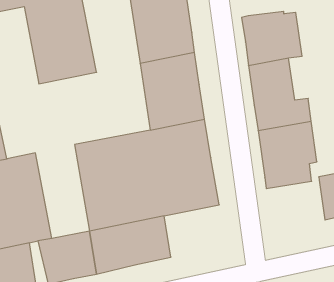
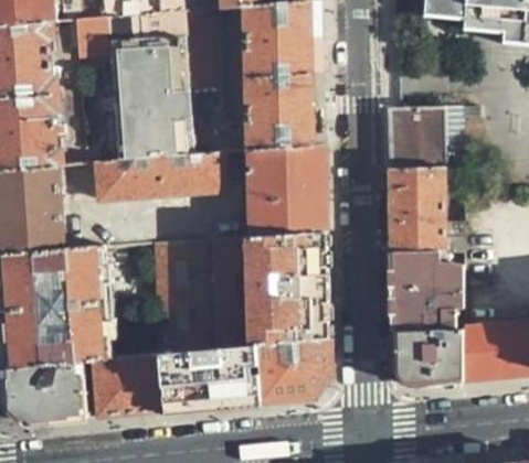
building: none -> [94,151,223,198]
building: none -> [393,327,464,384]
building: none -> [257,343,330,402]

